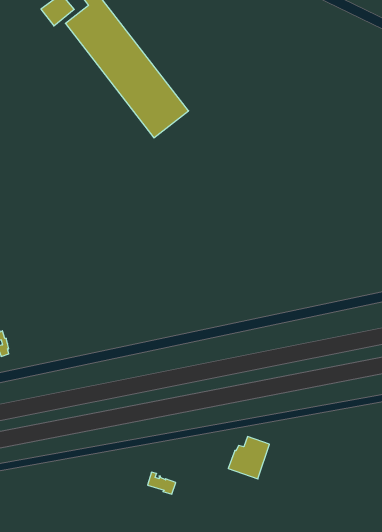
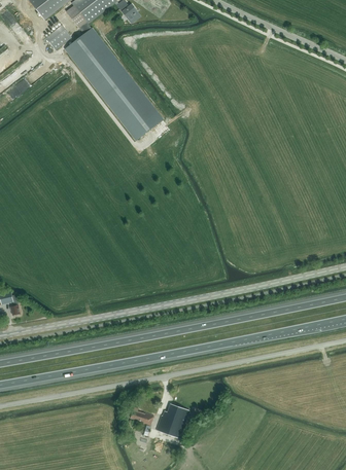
building: [228,437,269,479] -> [155,403,188,437]

